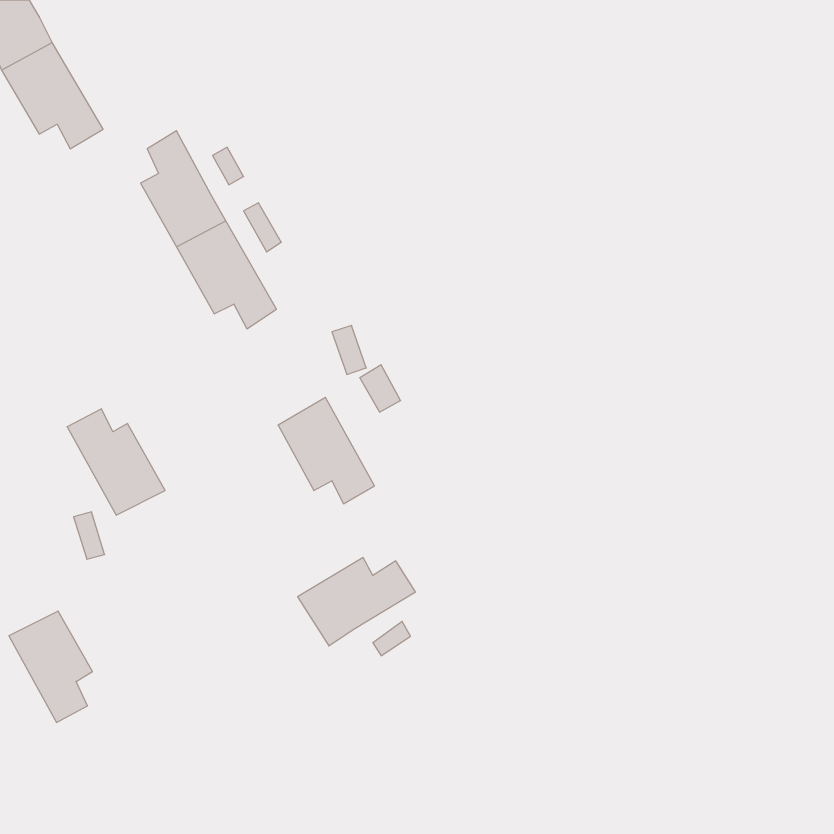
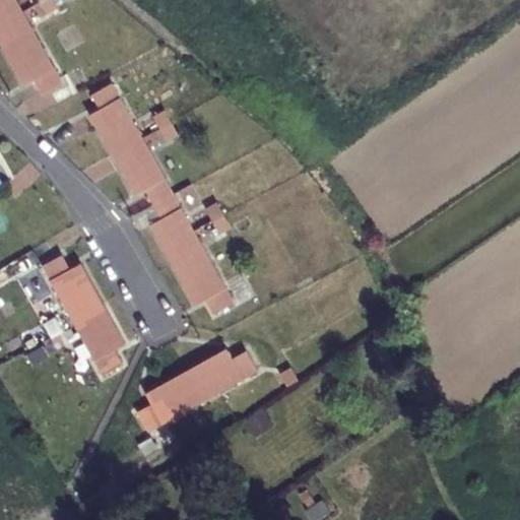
building: none -> [149,193,202,265]
building: none -> [140,372,204,452]
building: [9,611,92,722] -> [72,306,124,375]

